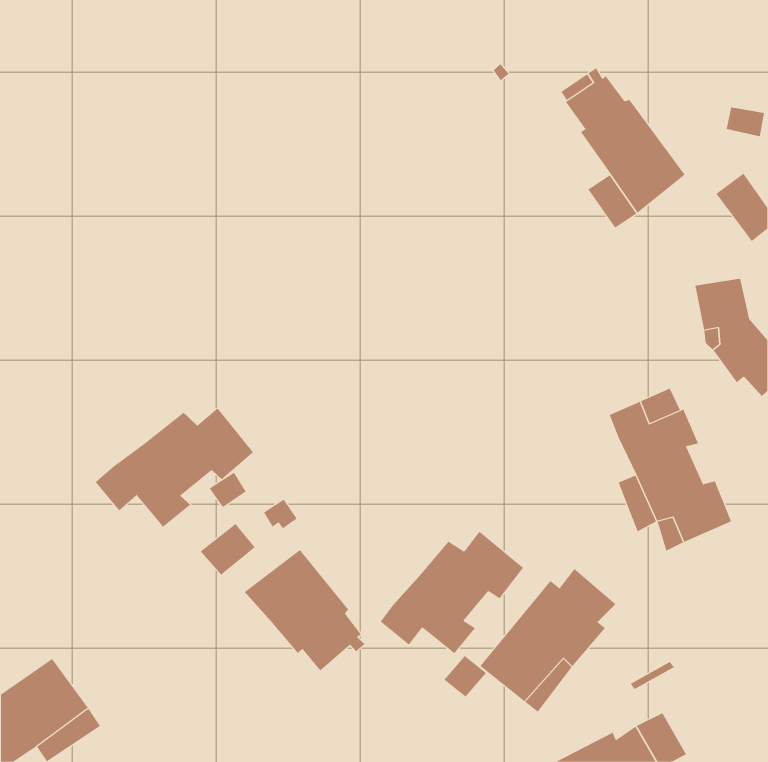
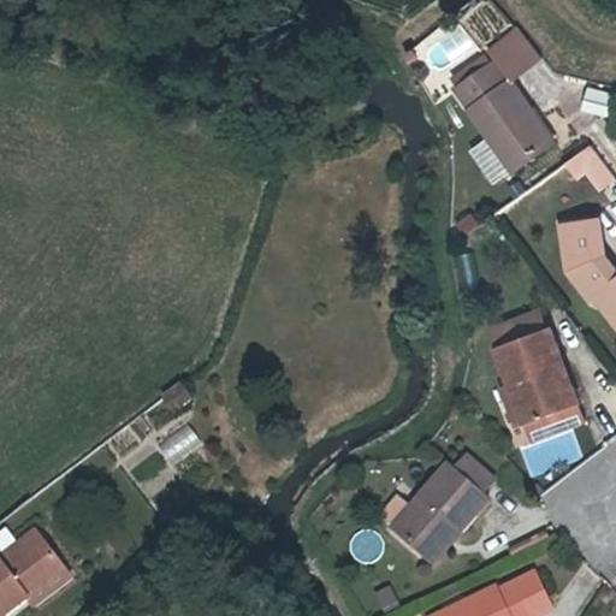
building: none -> [482,23,538,78]
building: [95,407,254,528] -> none
building: [380,531,524,654] -> none
building: [244,549,366,671] -> none

